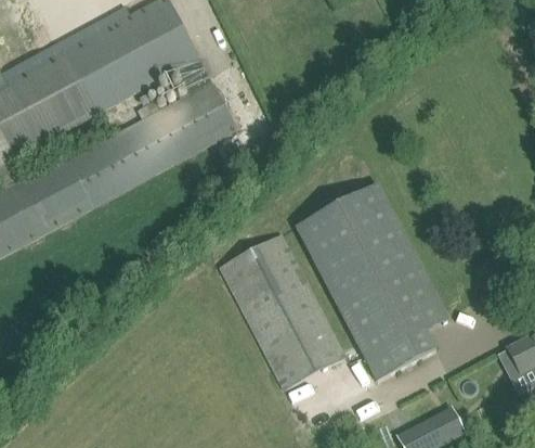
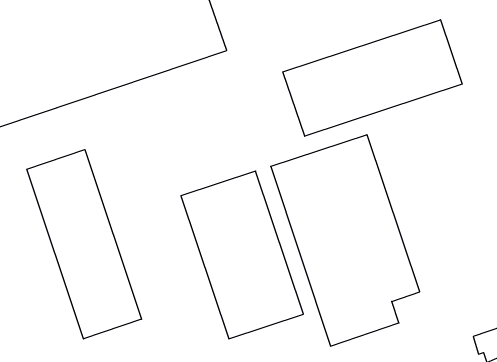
building: none -> [283,20,462,136]
building: none -> [27,150,142,339]

